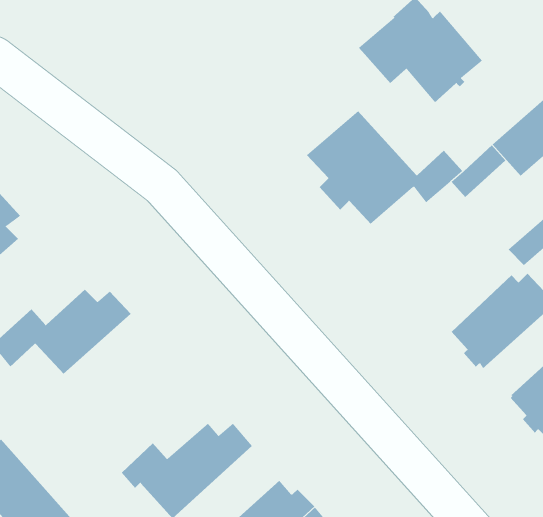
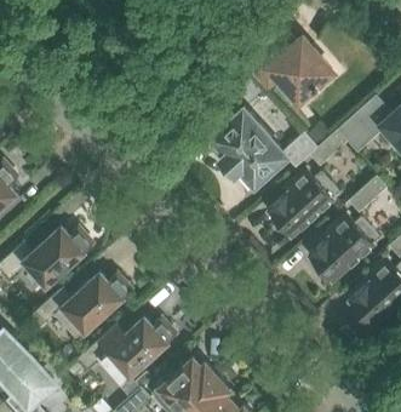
building: none -> [268,172,339,236]
building: none -> [35,274,131,339]

